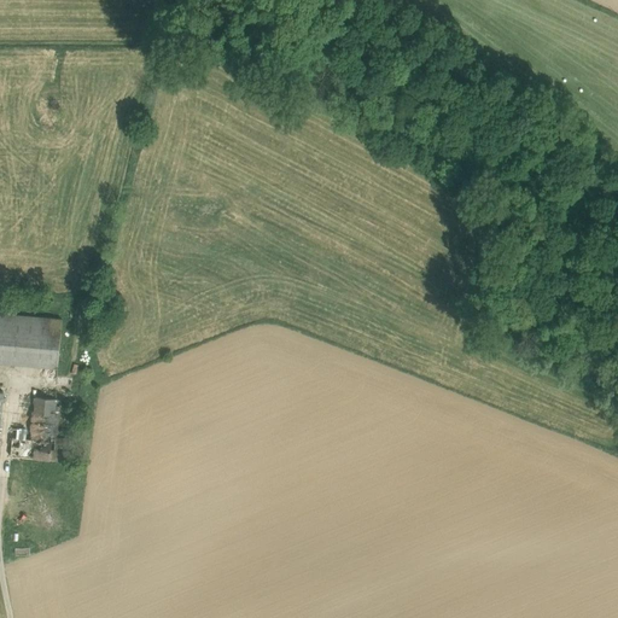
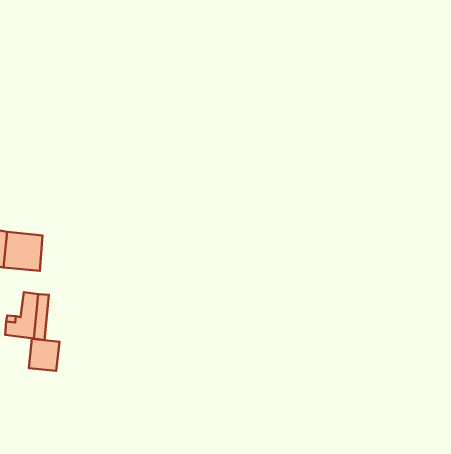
building: none -> [29,339,60,371]

